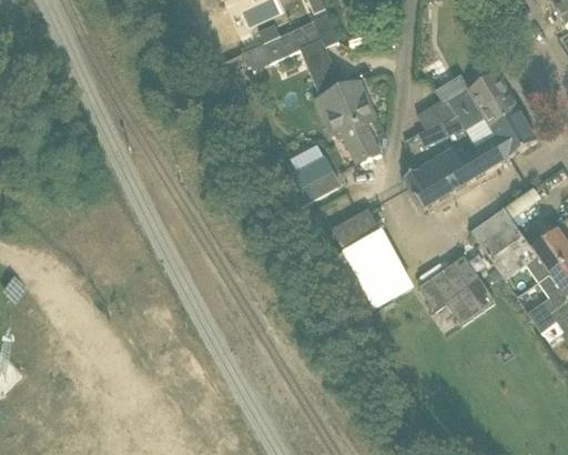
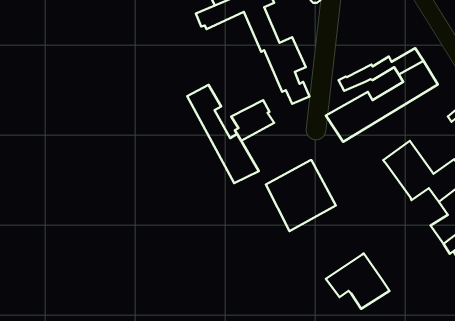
building: [418,71,510,129] -> none
building: none -> [187,85,259,183]
building: [333,206,383,250] -> none
building: [418,254,496,322] -> [326,253,389,309]

